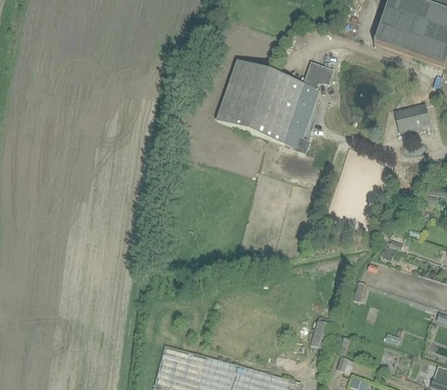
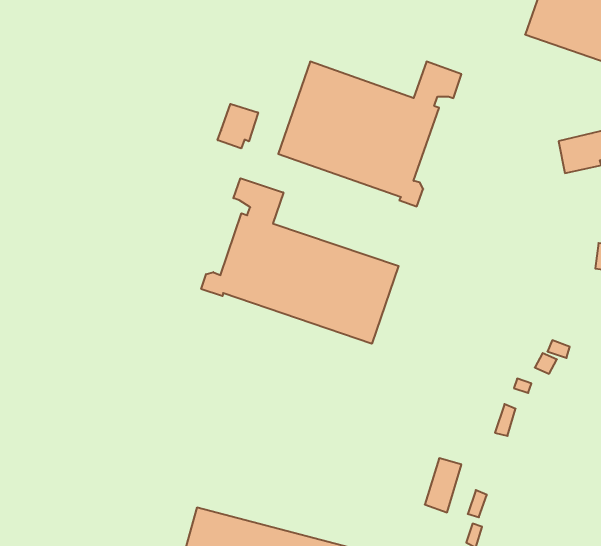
building: none -> [218,104,258,148]
building: none -> [201,178,399,344]

